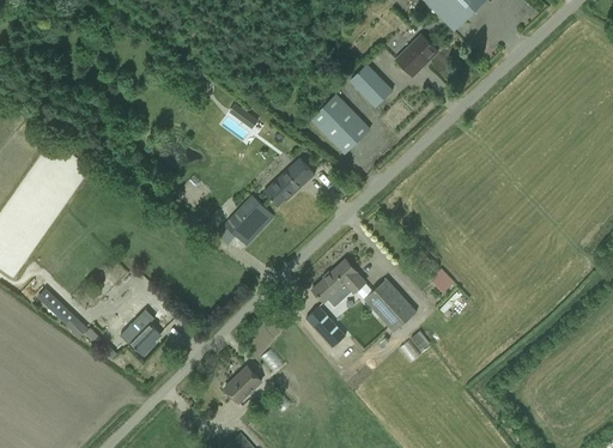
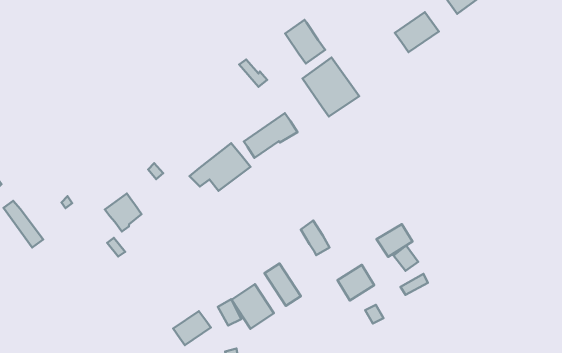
building: [350,63,392,107] -> [285,20,325,64]
building: [311,270,351,304] -> none
building: [364,279,400,314] -> [376,224,412,257]
building: [123,316,160,355] -> [105,194,142,232]
building: none -> [231,284,274,329]

